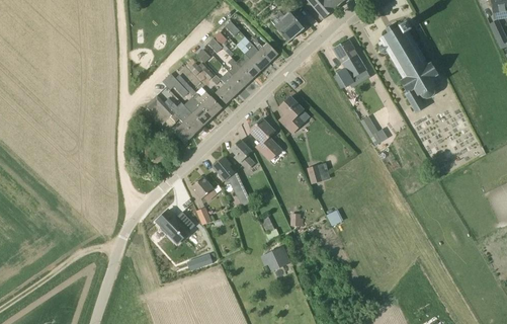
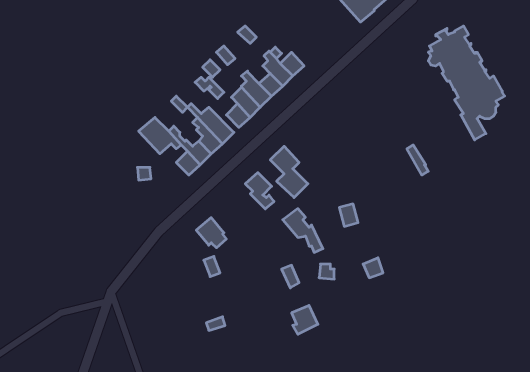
building: [275,8,309,42] -> none
building: [333,39,369,107] -> none
building: [279,96,304,133] -> none
building: [213,157,245,192] -> [283,209,323,252]
building: [155,208,195,244] -> none

